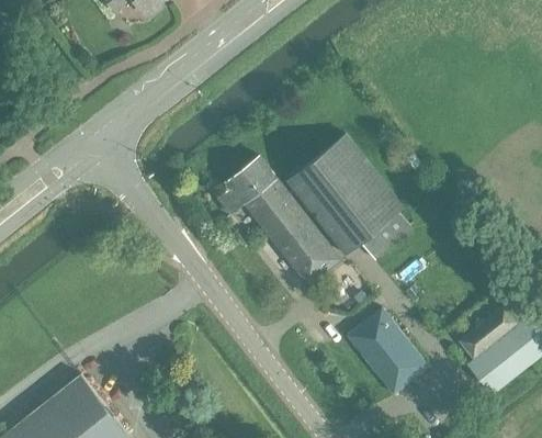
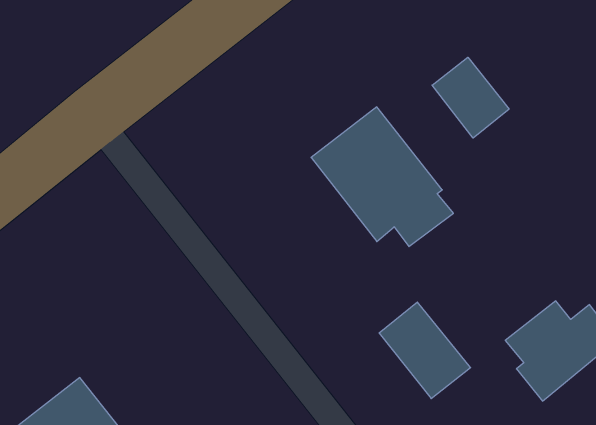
building: none -> [432,57,509,138]
building: [217,156,341,284] -> none

